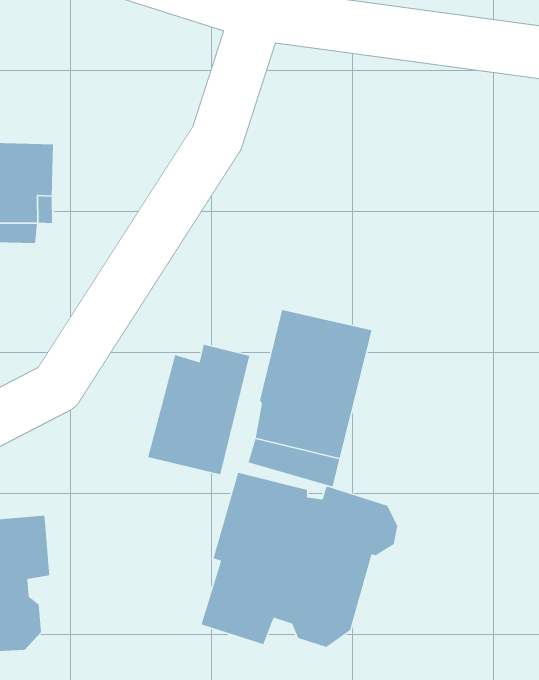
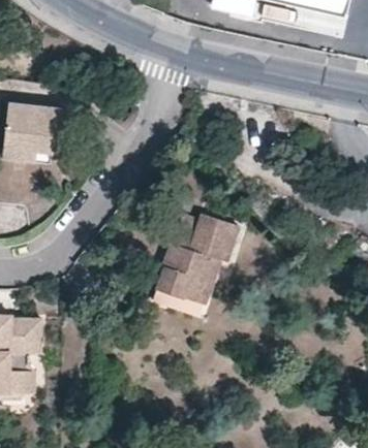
building: [147,344,250,475] -> none
building: [200,472,398,648] -> none

